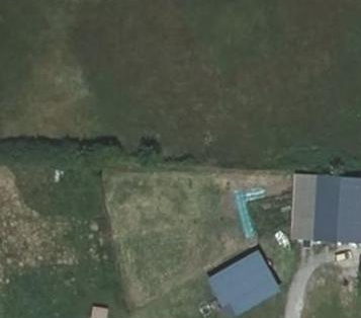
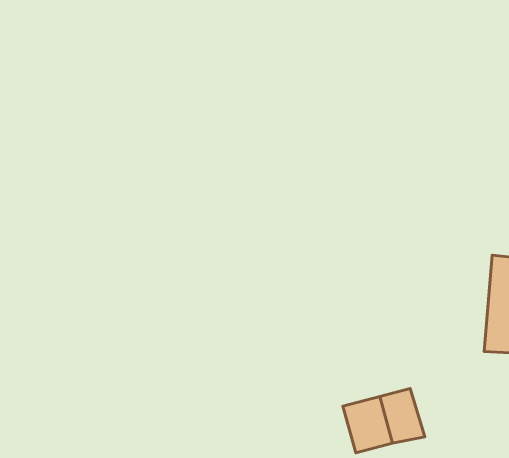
building: [294,174,320,237] -> none

